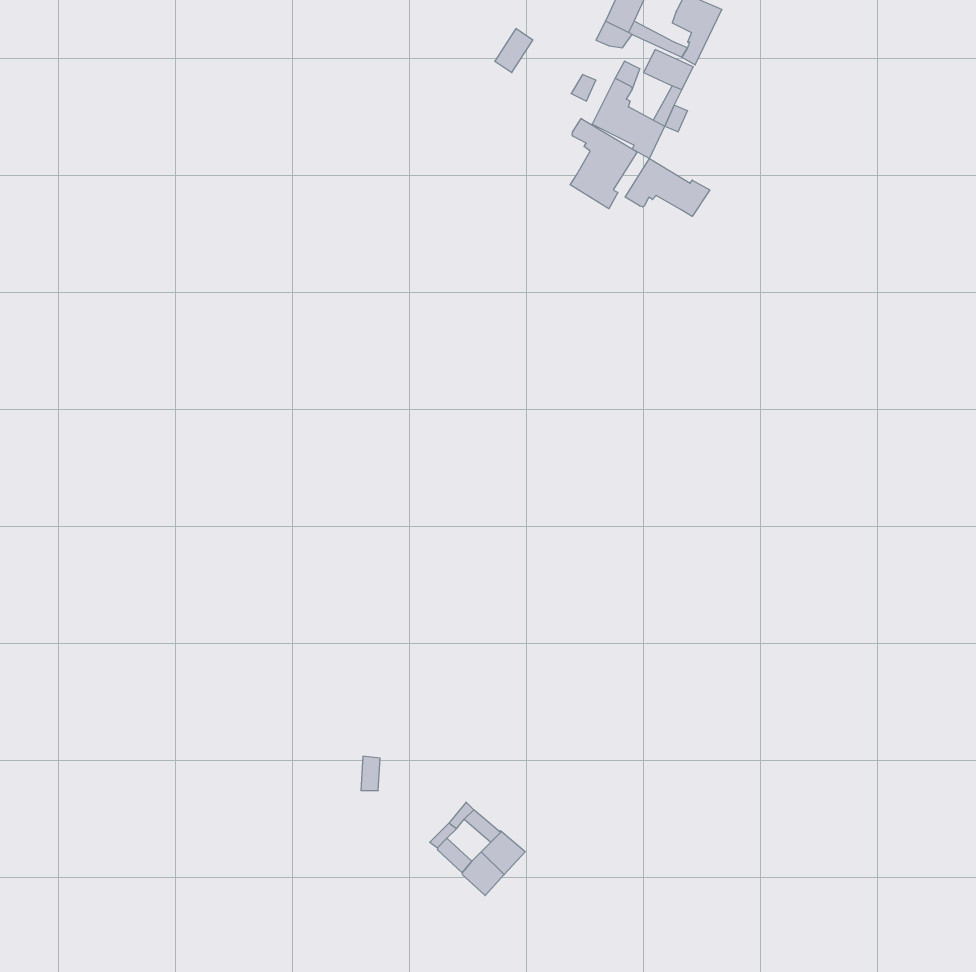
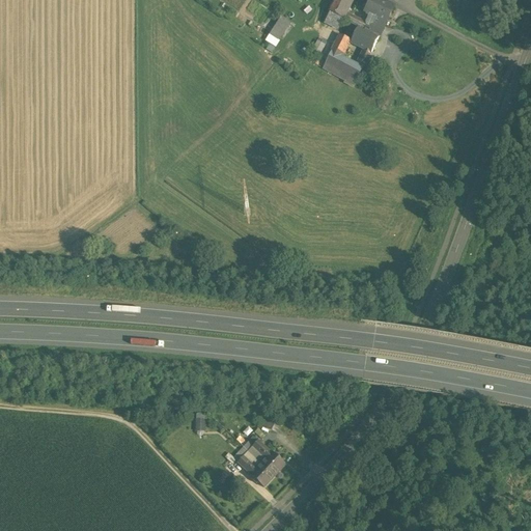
building: [570,118,637,209] -> none
building: [625,158,710,216] -> none

